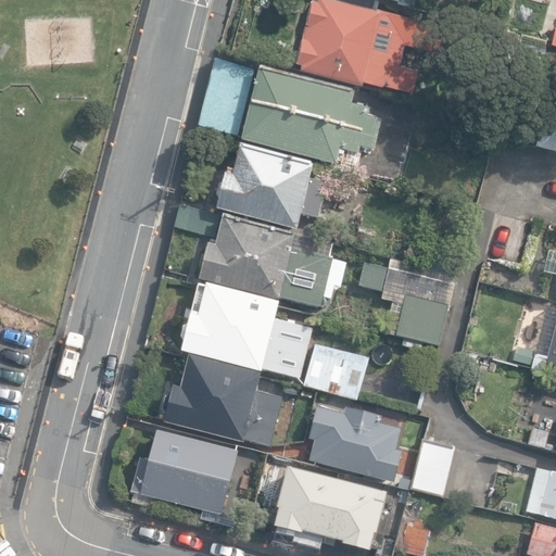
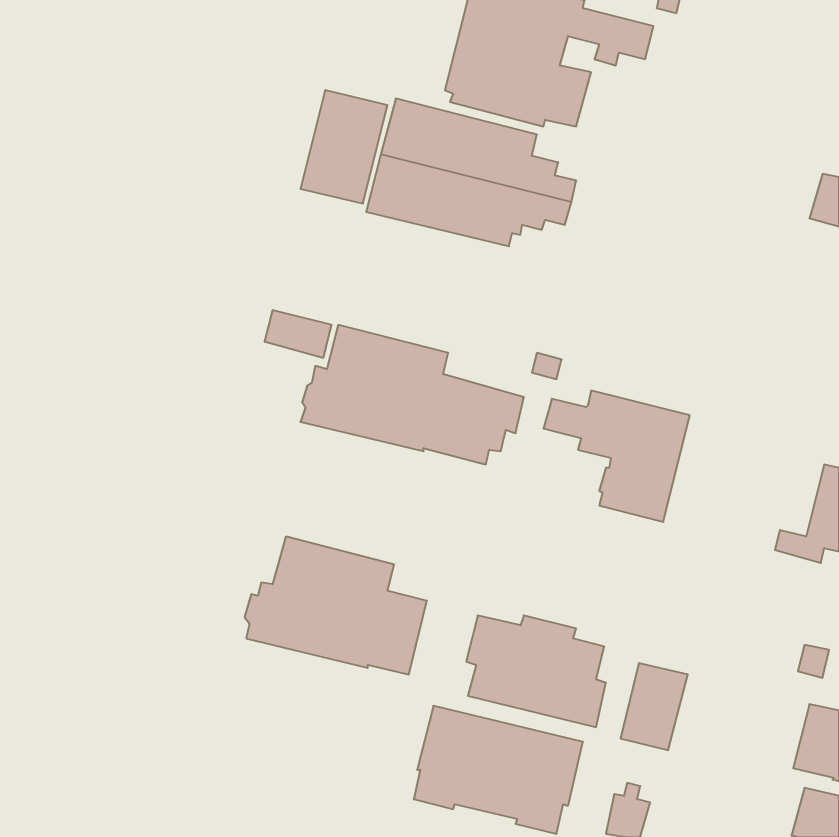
building: [216,143,327,228] -> none
building: [178,282,312,379] -> none
building: [303,344,367,400] -> none
building: [131,429,238,515] -> none

